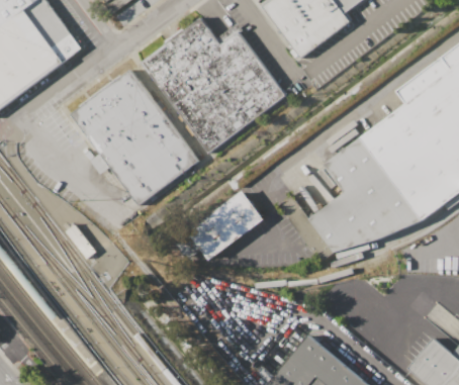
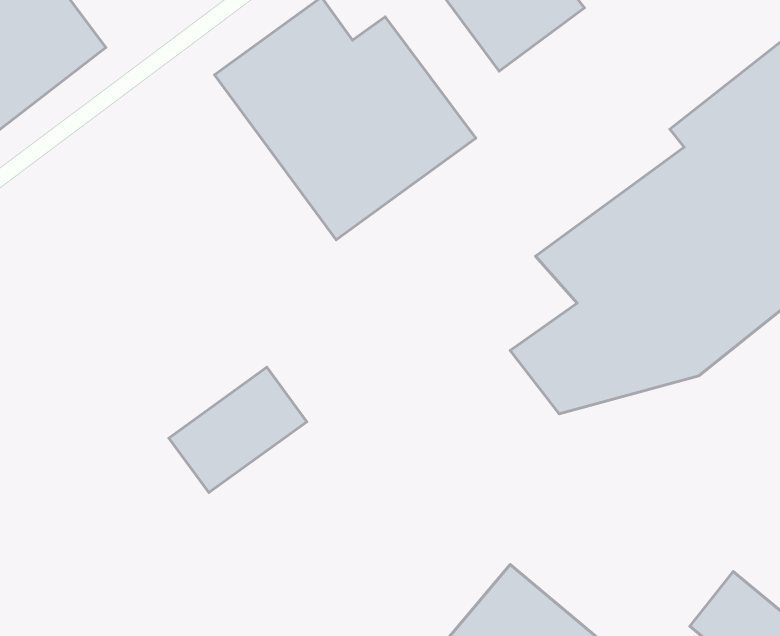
building: [70,67,198,204] -> none
building: [187,189,264,259] -> [169,367,307,492]

